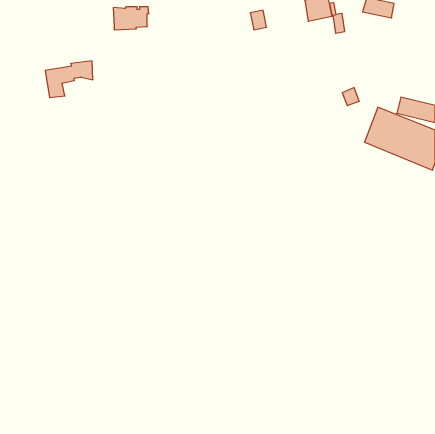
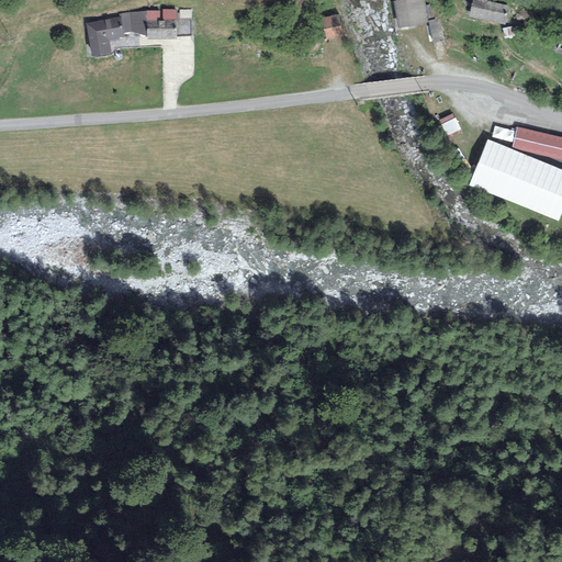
building: [45,61,93,98] -> [86,10,147,57]

